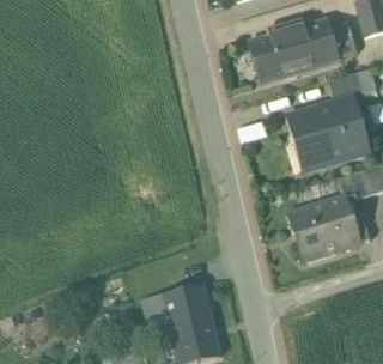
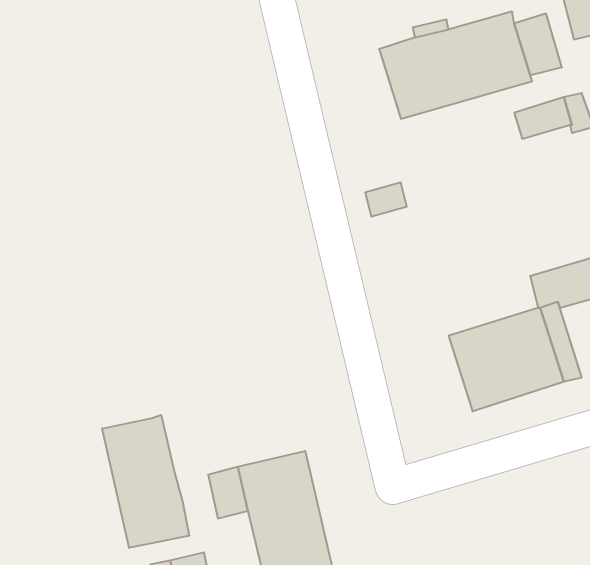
building: [288,97,369,169] -> none
building: none -> [102,415,189,548]

